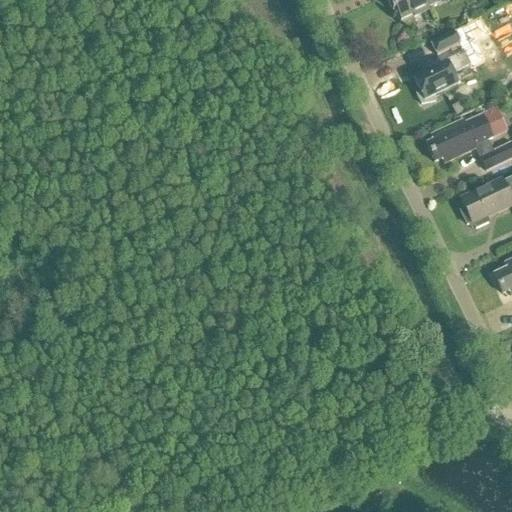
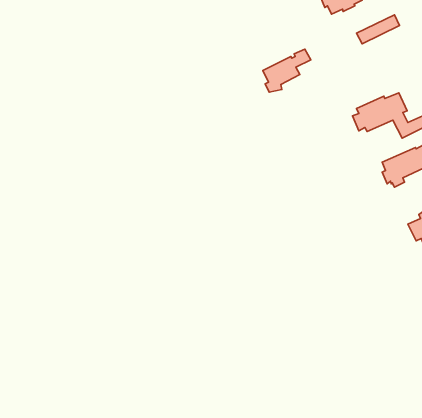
building: [414,49,472,101] -> [263,49,311,92]

